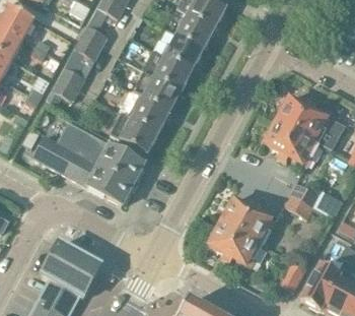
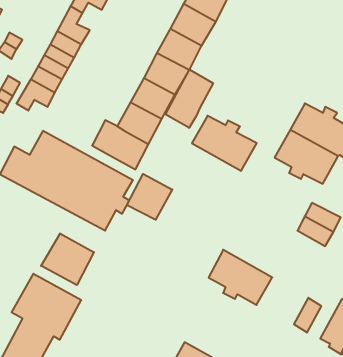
building: none -> [165,70,213,128]
building: none -> [127,174,172,220]
building: [220,197,275,244] -> [192,116,257,171]
building: none -> [41,233,94,285]

